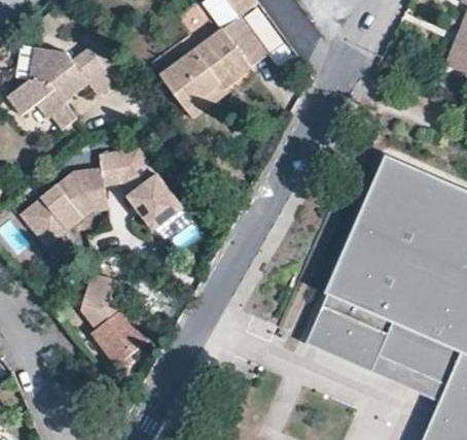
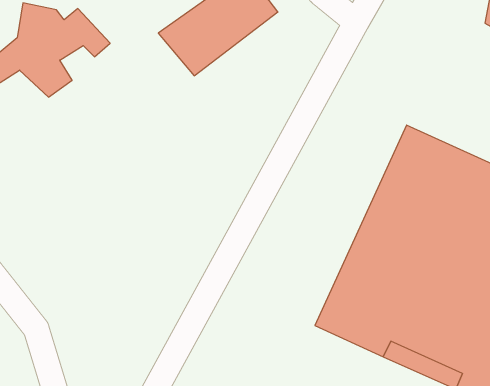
building: [22,147,187,235] -> none
building: [83,273,150,364] -> none

